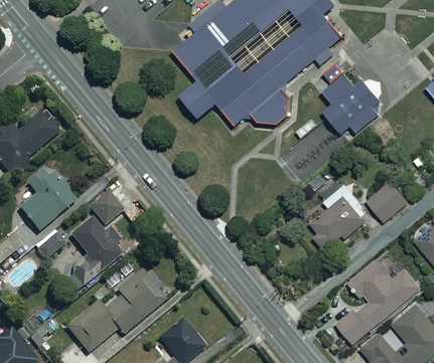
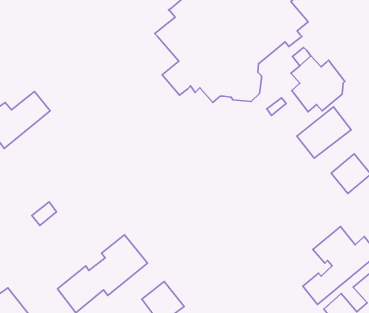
building: [18,165,77,231] -> none
building: [88,191,123,226] -> none
building: [302,195,361,251] -> [297,107,351,158]
building: [65,219,121,289] -> none

